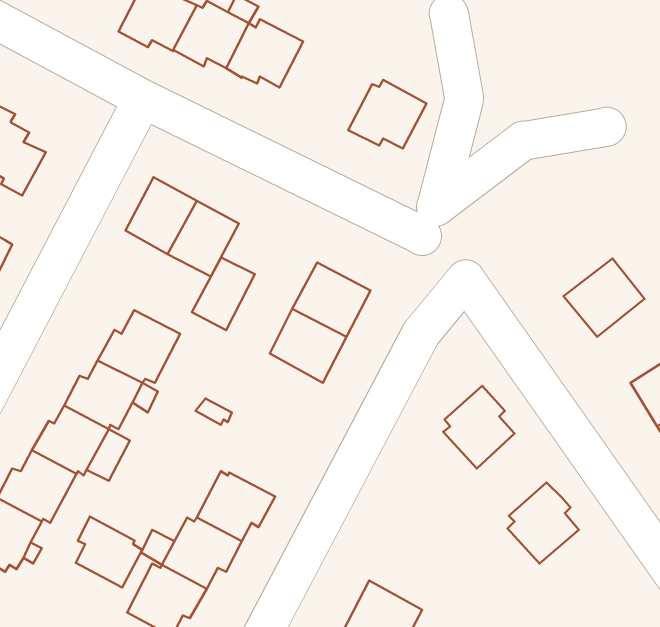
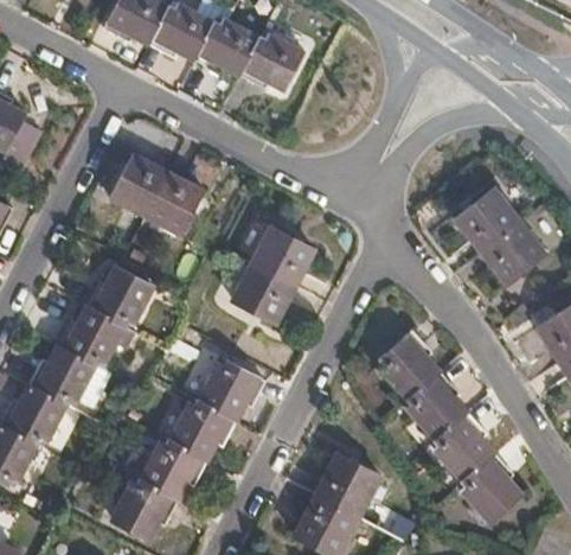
building: [348,80,427,148] -> [238,33,304,91]
building: none -> [453,186,520,253]
building: [192,257,255,330] -> none
building: none -> [195,361,264,422]
building: none -> [404,369,464,439]
building: [76,516,142,588] -> none
building: none -> [314,451,381,518]
building: none -> [458,451,522,524]

